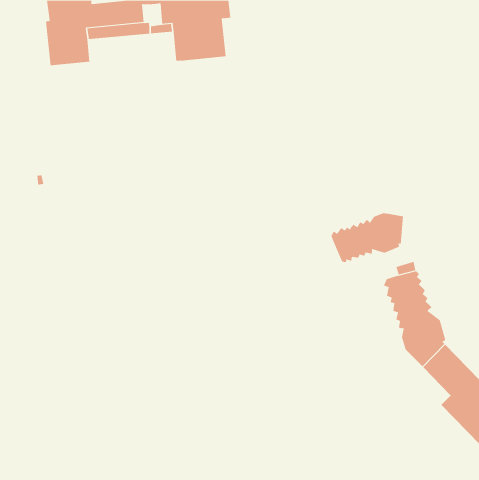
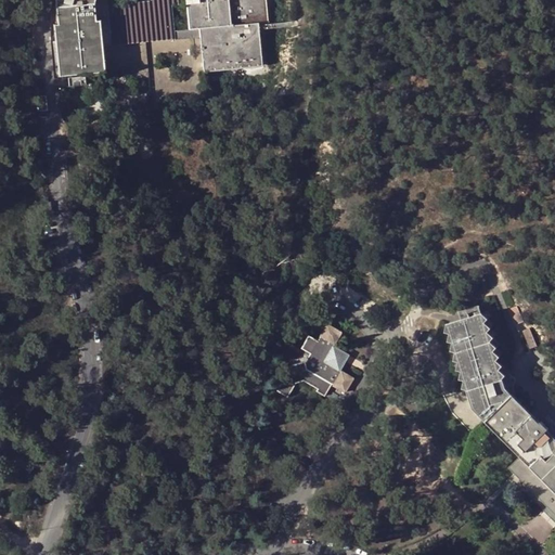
building: [331,212,403,263] -> none
building: none -> [278,320,353,395]

